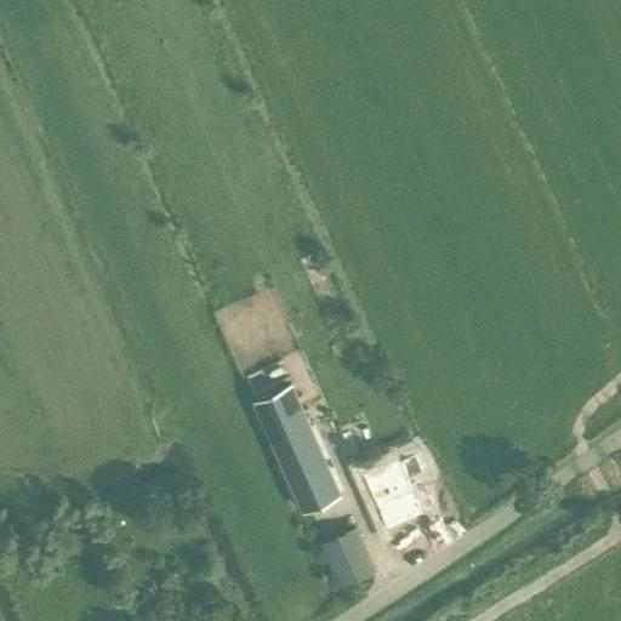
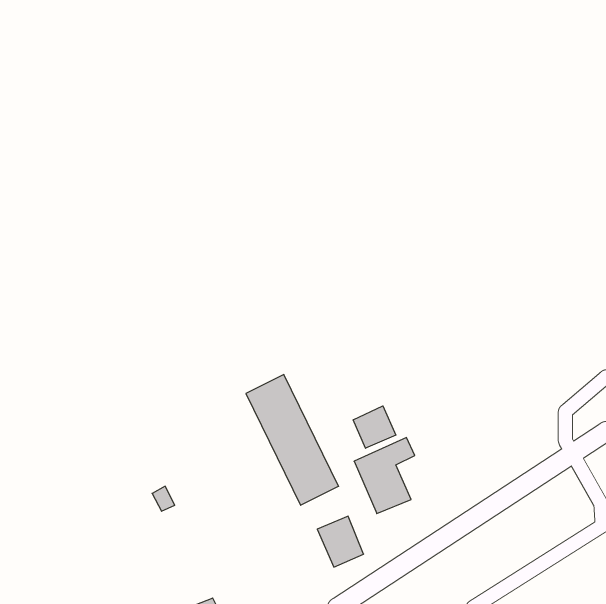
building: none -> [353,406,396,448]

